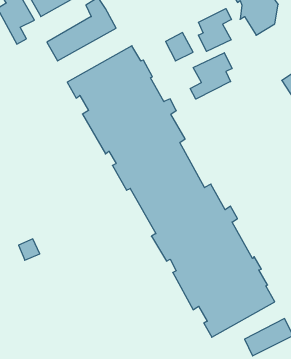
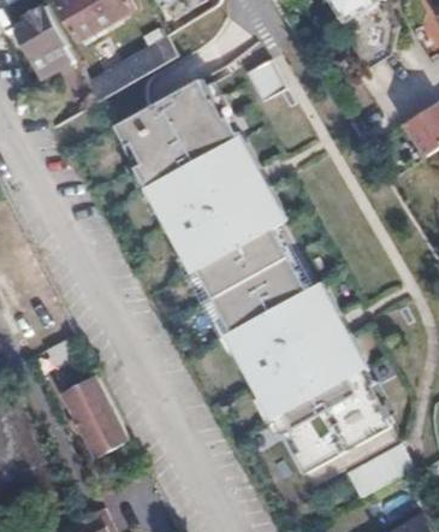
building: [198,9,231,51] -> none
building: [190,53,232,99] -> none
building: none -> [67,384,135,467]

